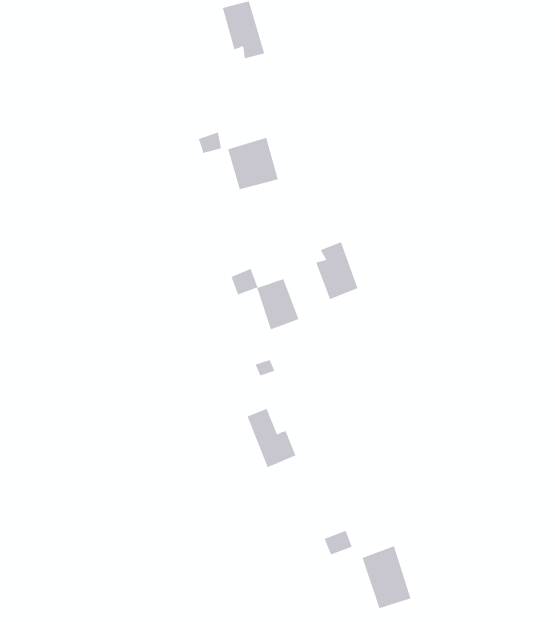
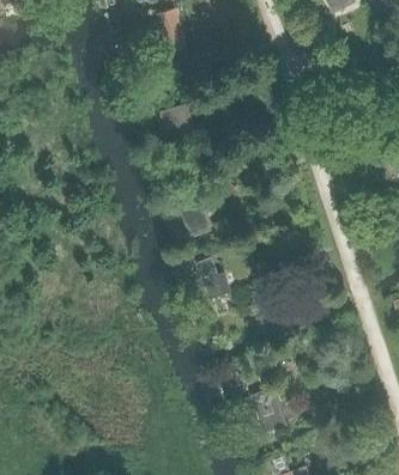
building: [315,241,359,300] -> none
building: [246,408,296,468] -> [197,256,231,298]

